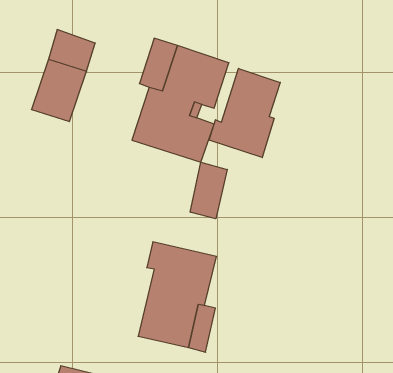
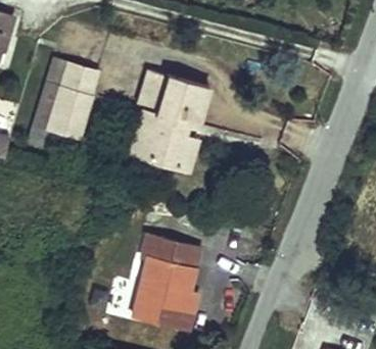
building: [209,68,280,158] -> none
building: [190,162,227,219] -> none

